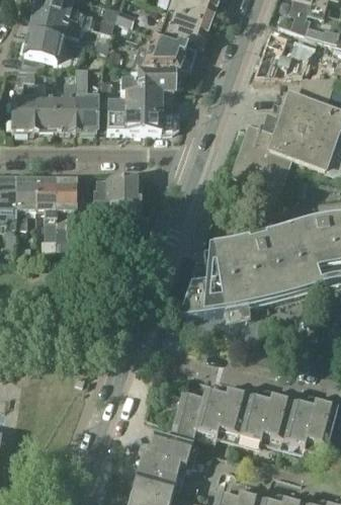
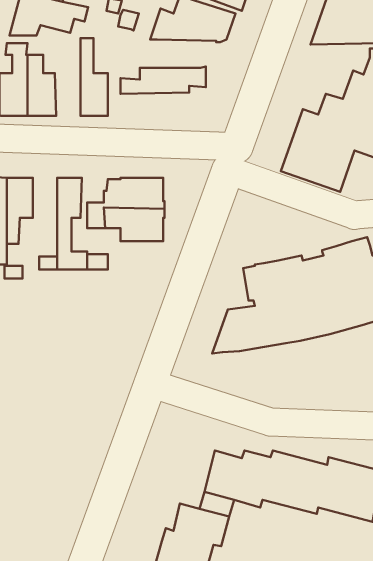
building: [120,67,183,89] -> none
building: [57,79,77,127] -> none
building: [108,108,180,128] -> none
building: [39,175,59,225] -> none

